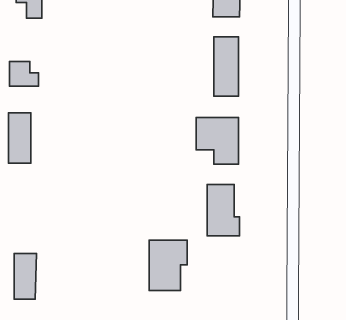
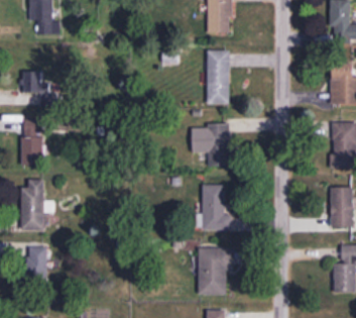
building: none -> [21,179,44,230]
building: [149,240,187,290] -> [199,248,233,294]

